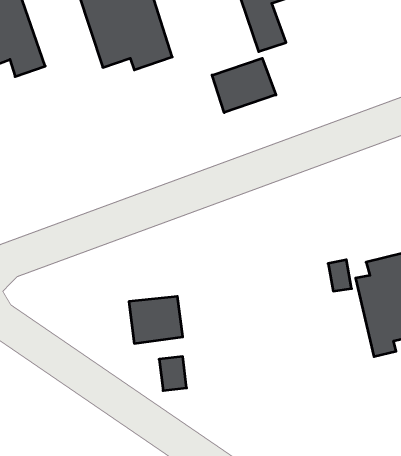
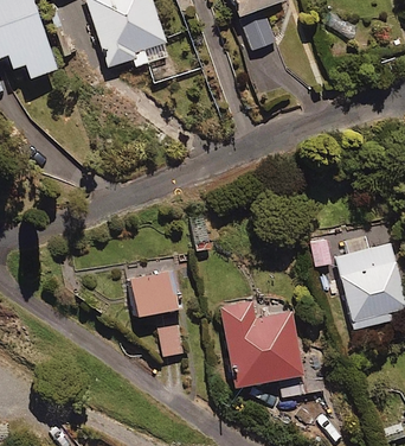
building: [212,58,276,113] -> none
building: none -> [221,301,326,400]

